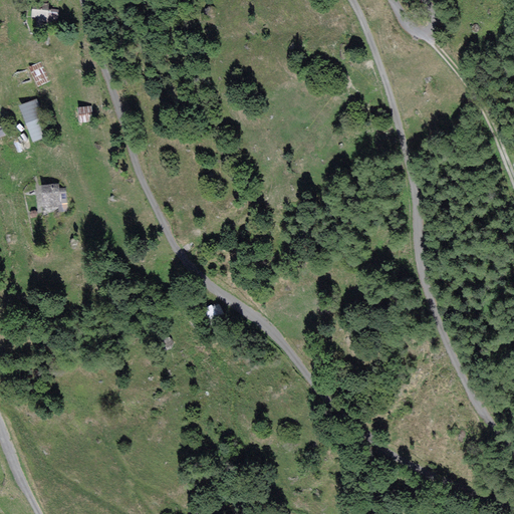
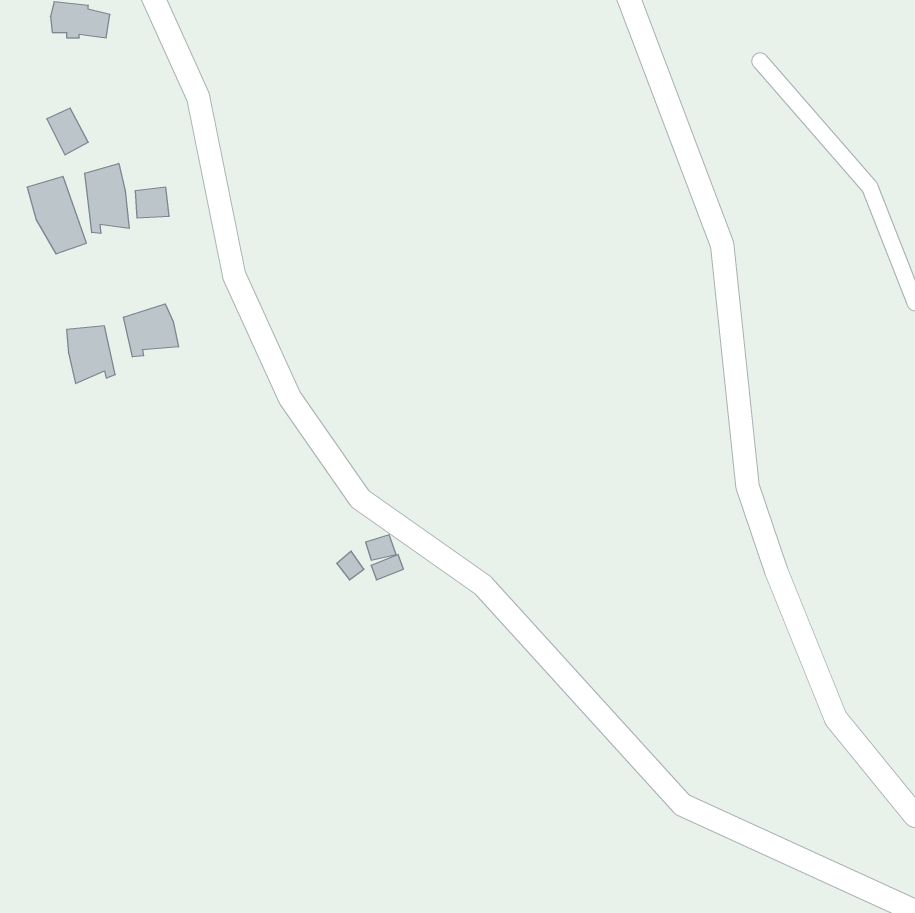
building: none -> [85,163,129,233]
building: none -> [124,304,178,357]

